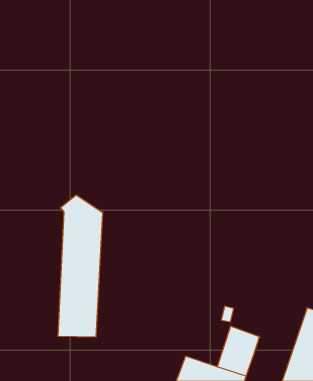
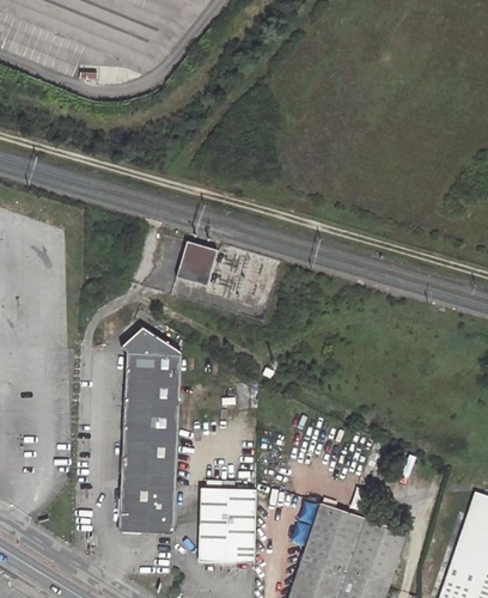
building: none -> [178,243,220,287]
building: none -> [200,490,254,563]
building: none -> [300,502,365,576]

